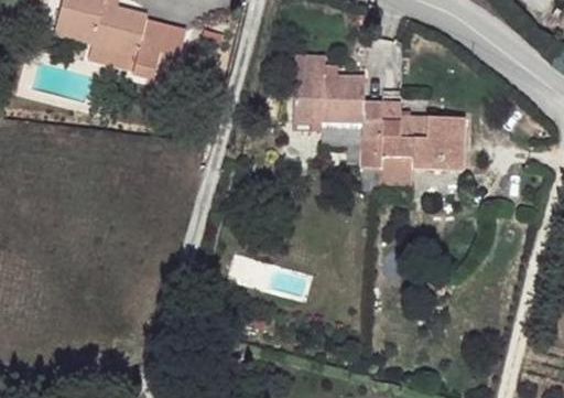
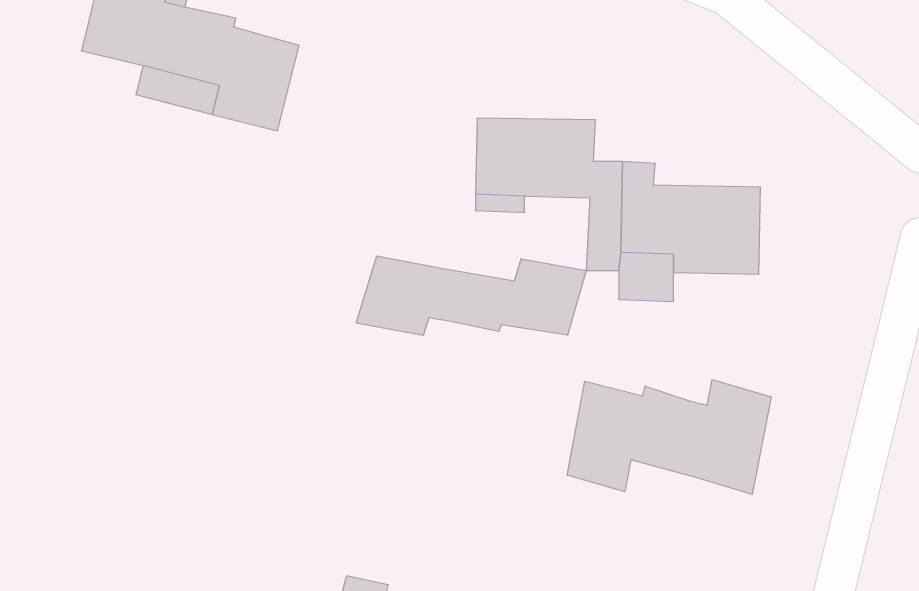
building: none -> [356,256,586,335]
building: none -> [567,380,771,494]

